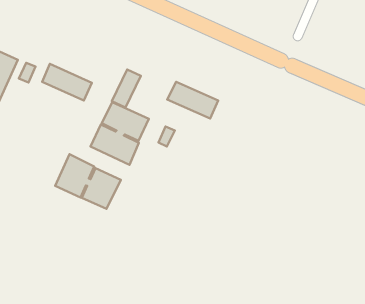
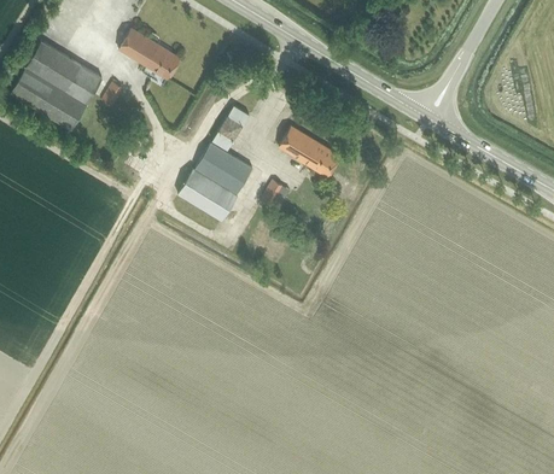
building: [42,64,92,101] -> [119,29,180,78]
building: [55,154,121,209] -> none

